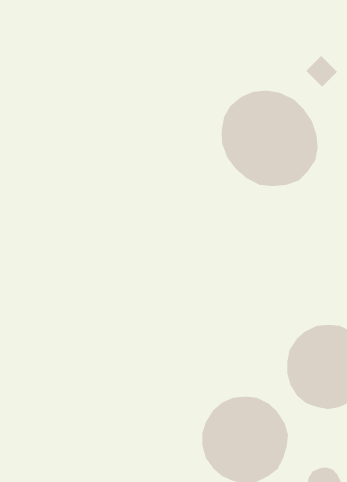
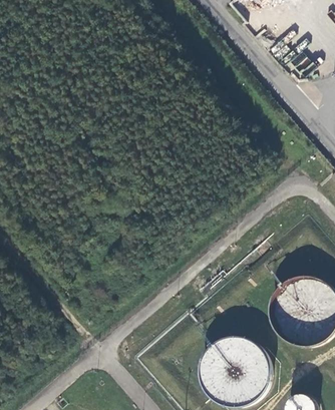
building: [221,90,318,187] -> none

